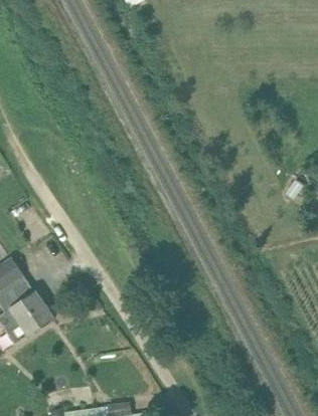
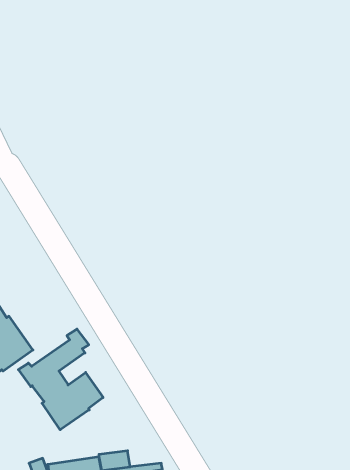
building: none -> [18,329,103,430]

